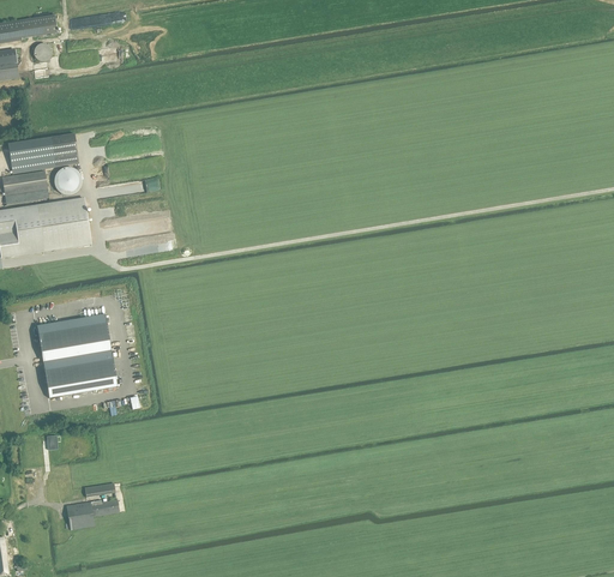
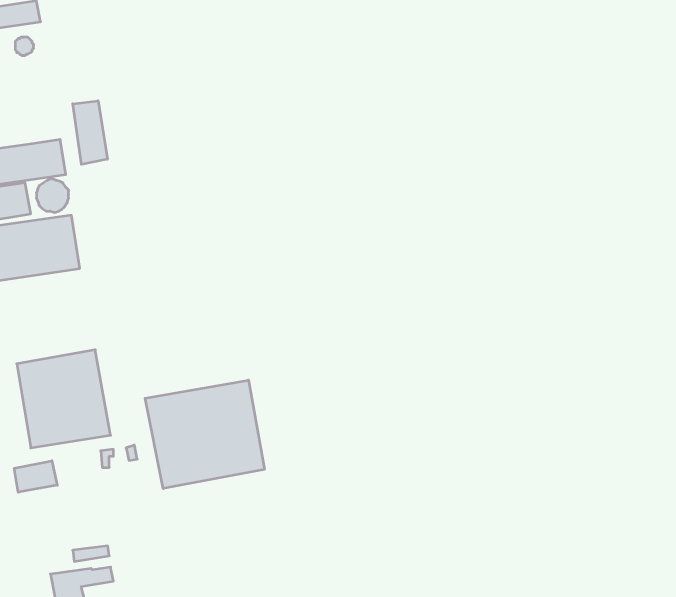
building: none -> [73,101,107,164]
building: none -> [145,380,264,489]
building: none -> [14,461,57,492]

